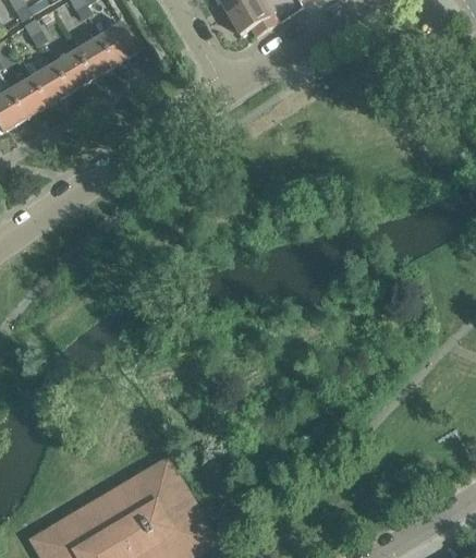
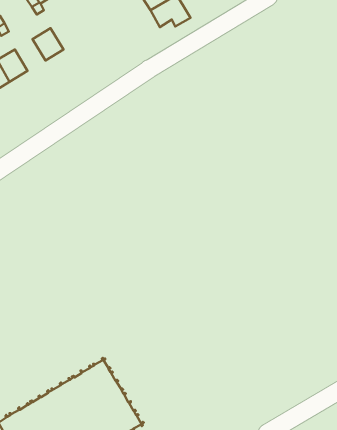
building: [98,23,137,63] -> none
building: [52,50,91,90] -> none

